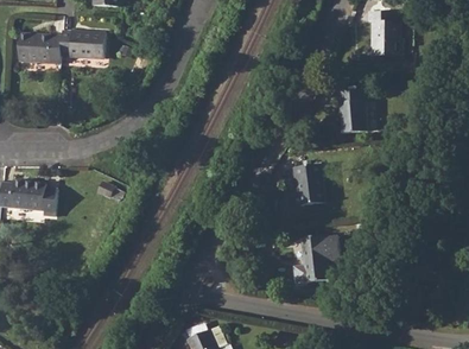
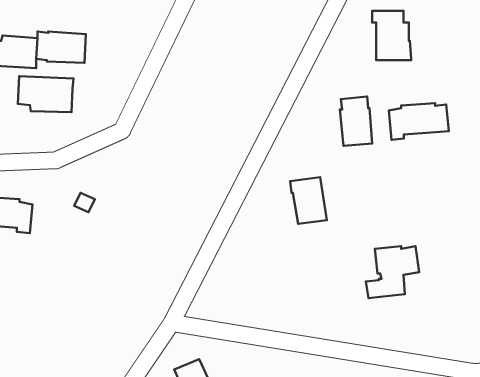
building: none -> [18,76,73,112]
building: none -> [389,103,449,140]
building: [293,235,342,283] -> [366,246,419,298]

